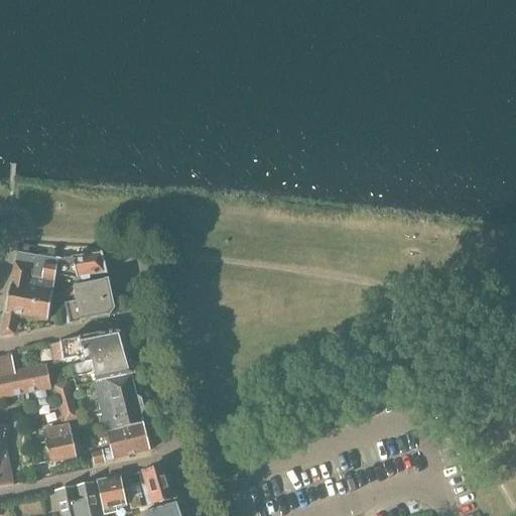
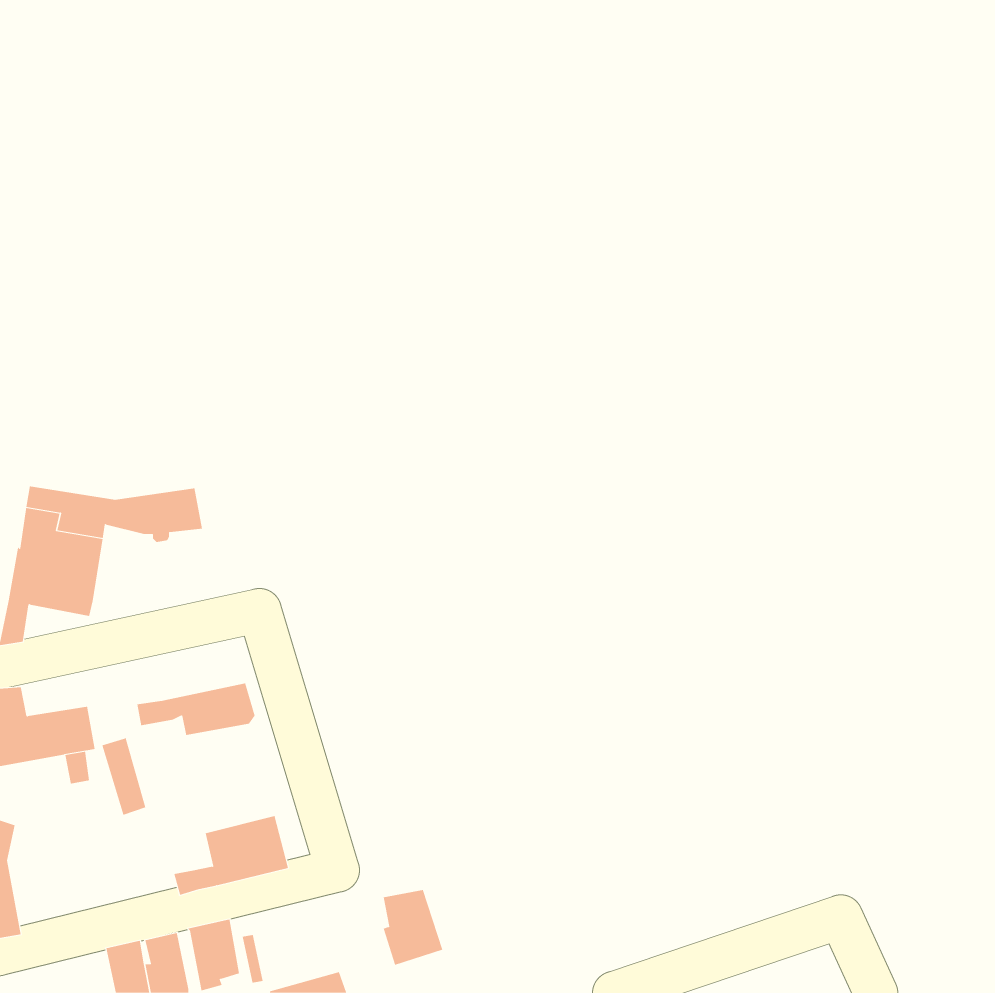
building: [64,279,112,321] -> none
building: [50,331,127,362] -> none
building: [93,374,143,430] -> none
building: [42,424,76,462] -> none
building: [142,466,173,505] -> [383,890,443,966]

